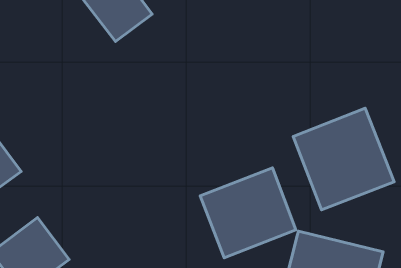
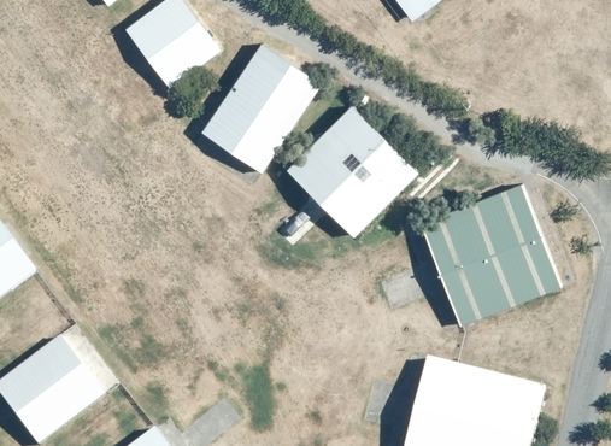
building: none -> [200,41,322,171]
building: none -> [286,102,419,235]
building: [200,168,296,258] -> none

